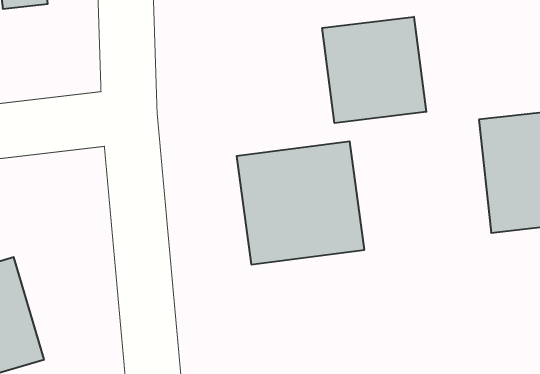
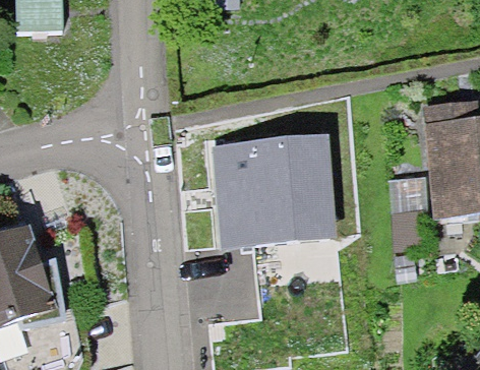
building: [322,17,426,123] -> none

